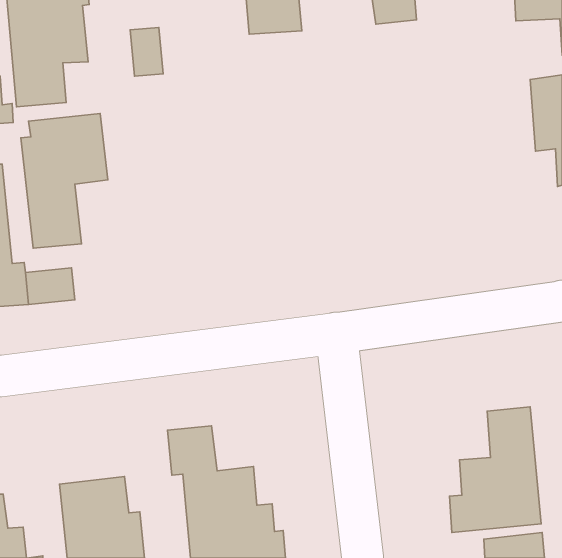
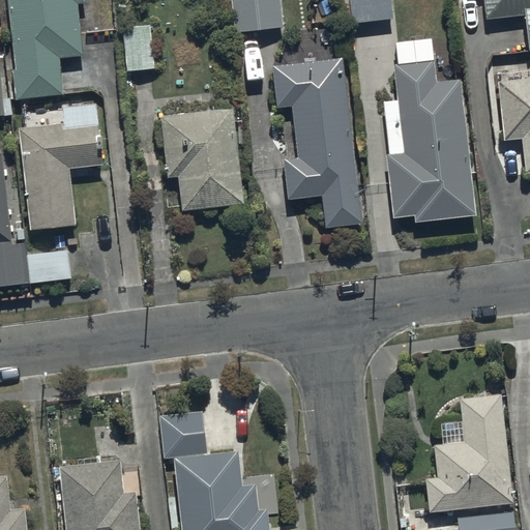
building: none -> [272,61,362,229]
building: none -> [383,62,474,223]
building: none -> [161,111,243,213]

